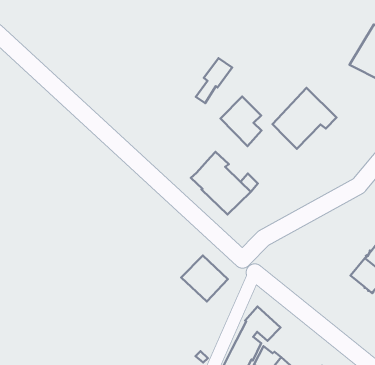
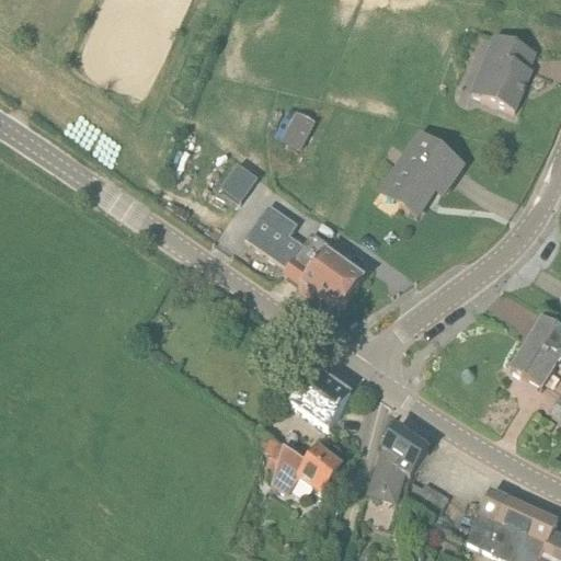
building: none -> [226,161,263,201]
building: [220,97,262,146] -> [250,199,306,263]
building: none -> [264,434,340,492]

